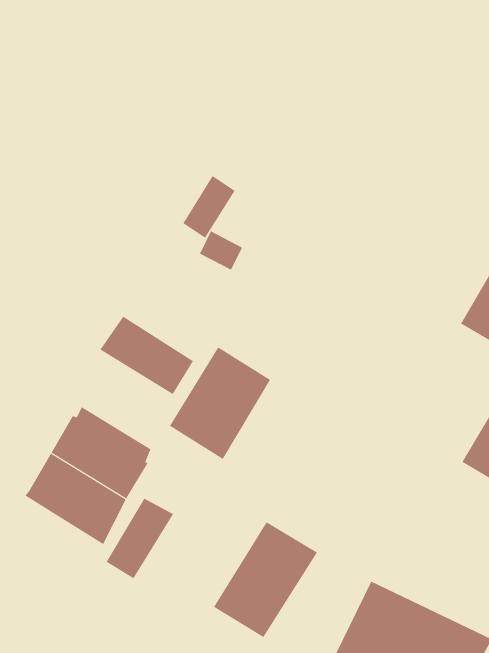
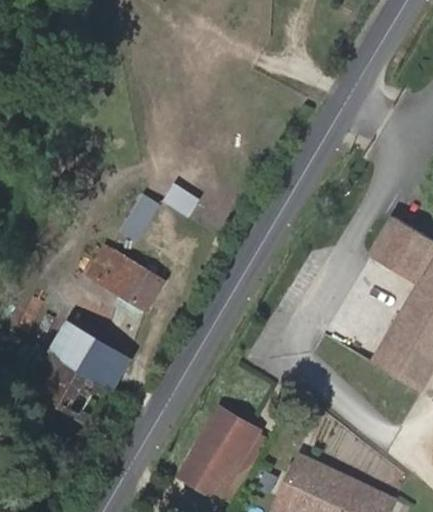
building: [182,175,235,239] -> [123,191,164,240]
building: [169,347,271,460] -> none
building: [106,498,174,579] -> none

